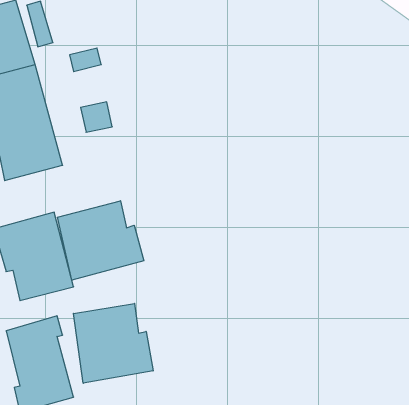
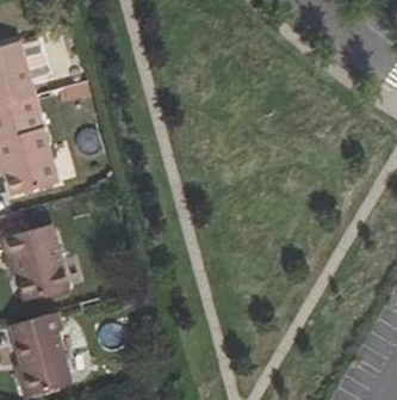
building: [57,201,144,280] -> none
building: [73,303,153,383] -> none

